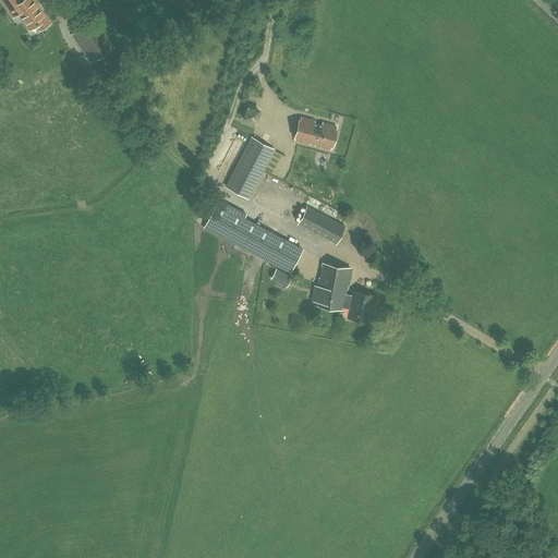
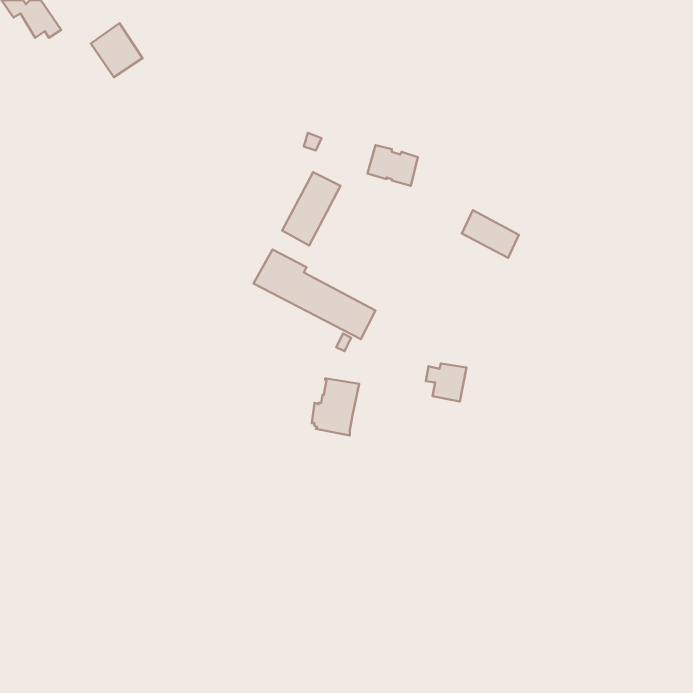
building: [299,206,344,244] -> [462,210,519,258]
building: [312,265,350,311] -> [312,379,359,435]

